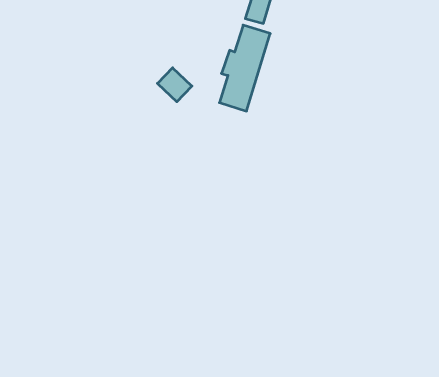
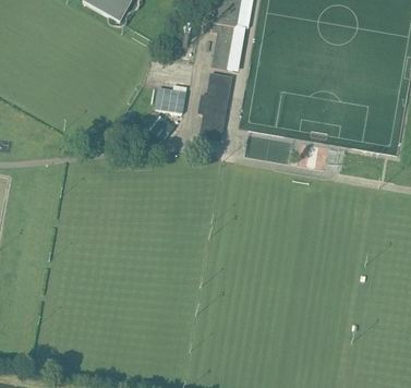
building: none -> [154,85,185,111]

